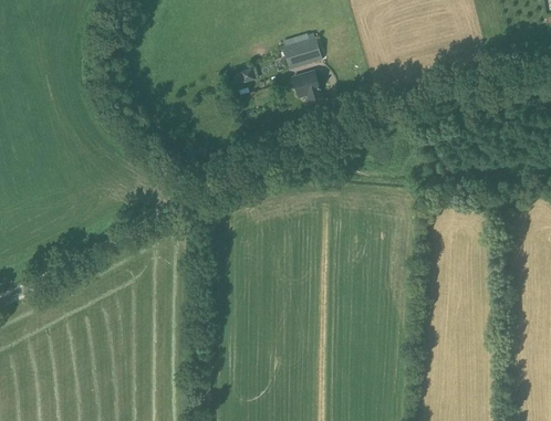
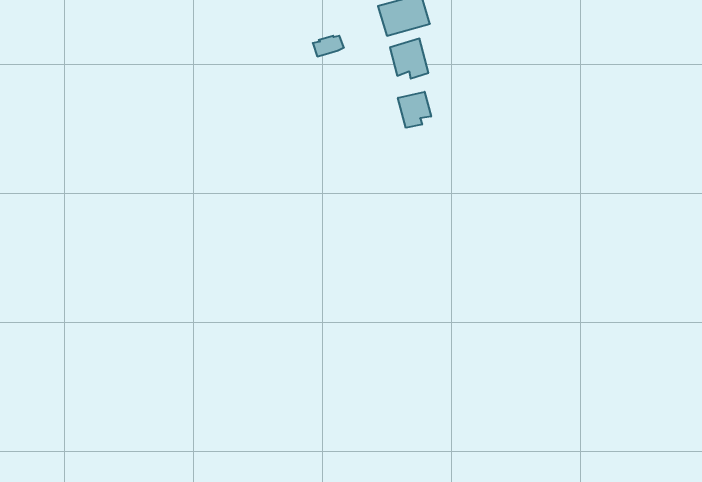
building: none -> [398,92,431,128]

